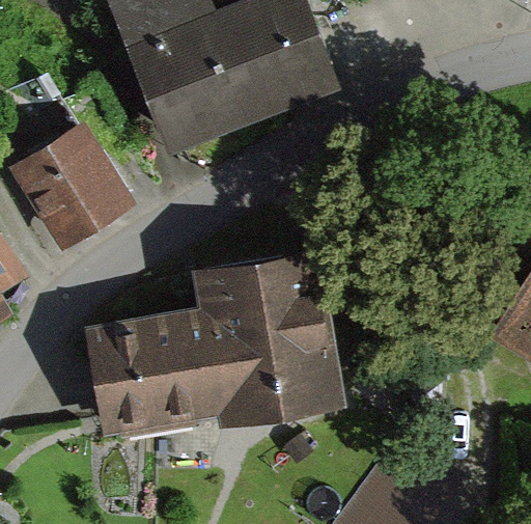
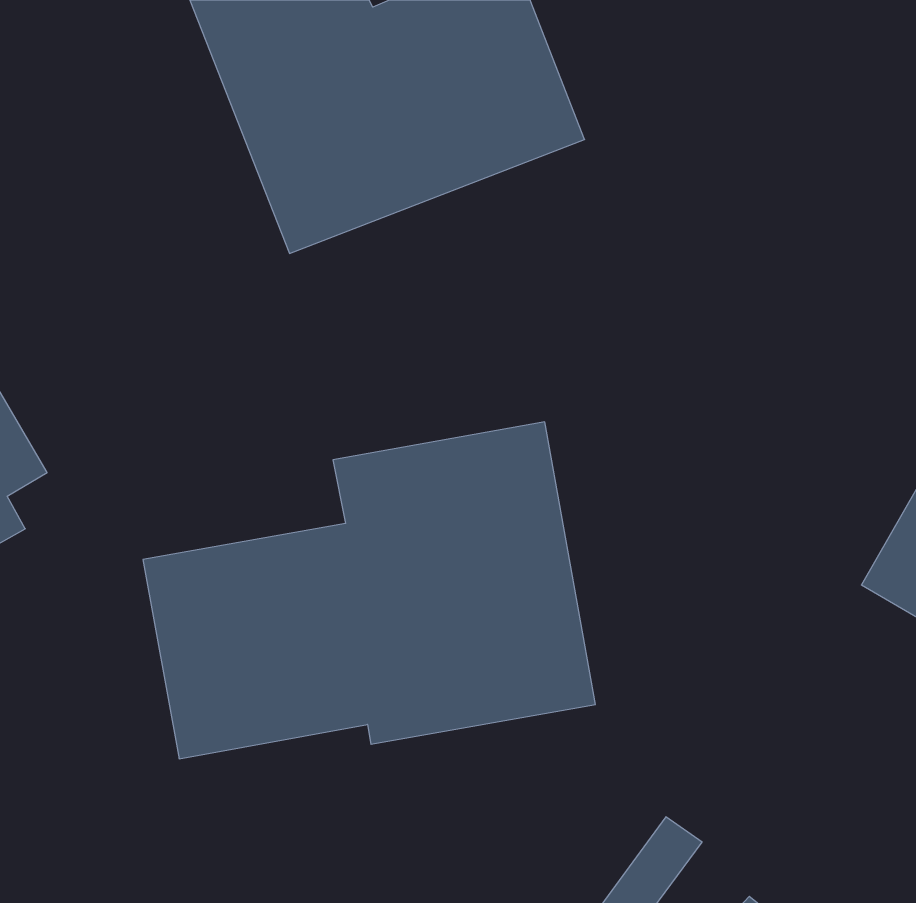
building: [7,121,135,250] -> none

